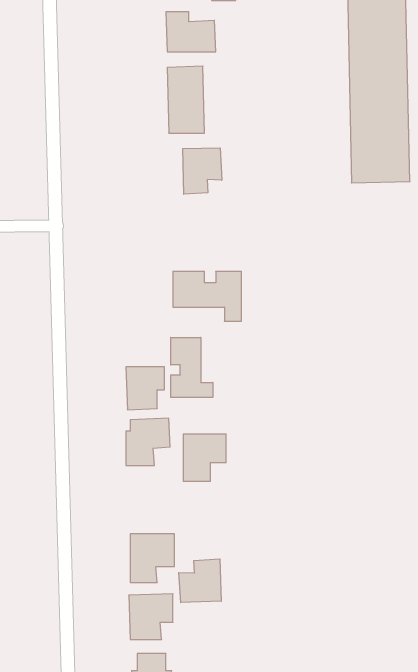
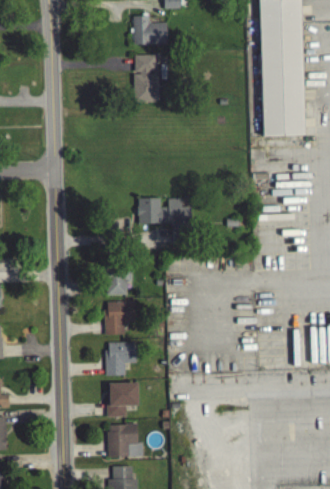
building: [183,148,222,194] -> none
building: [171,337,213,397] -> none
building: [183,434,226,481] -> [107,342,137,375]
building: [179,559,221,603] -> none

